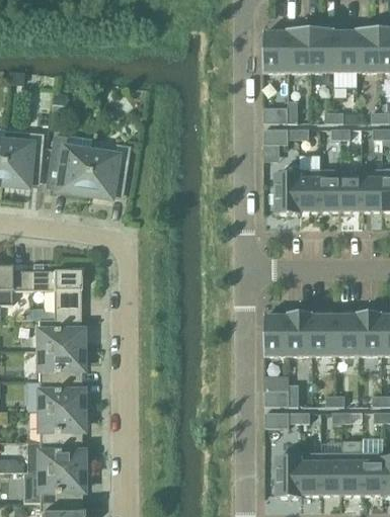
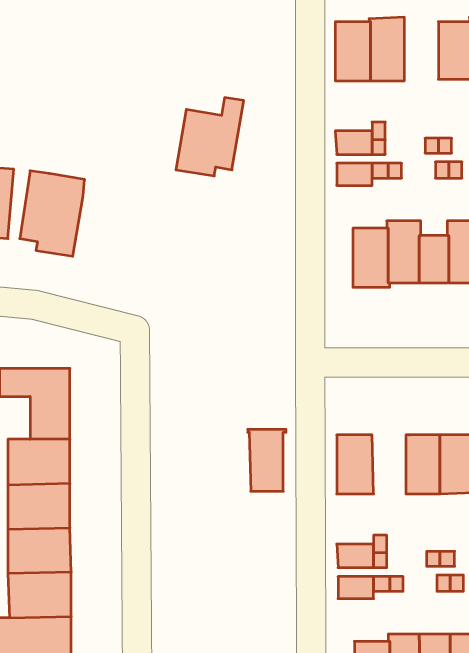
building: [312,29,336,73] -> none
building: [84,144,131,197] -> [176,98,244,176]
building: [289,314,315,356] -> [248,429,286,491]

